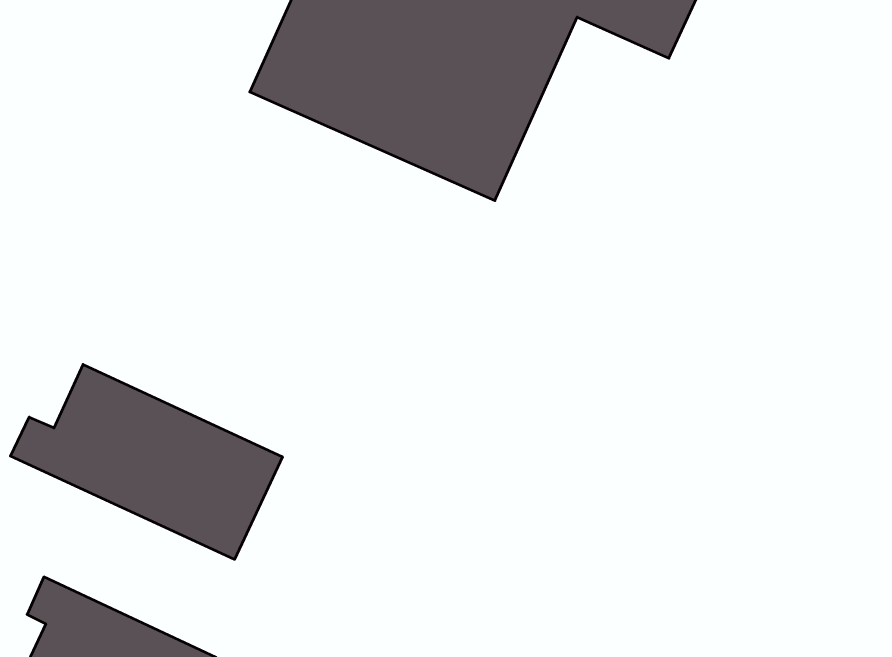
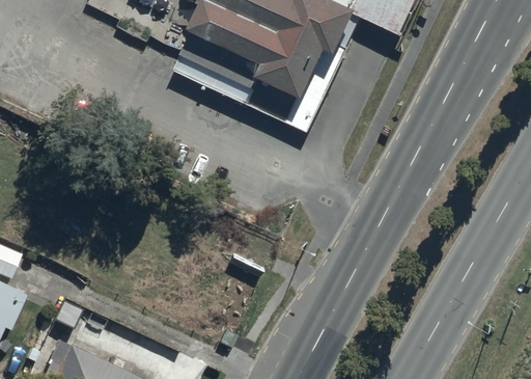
building: [10,364,282,559] -> none

